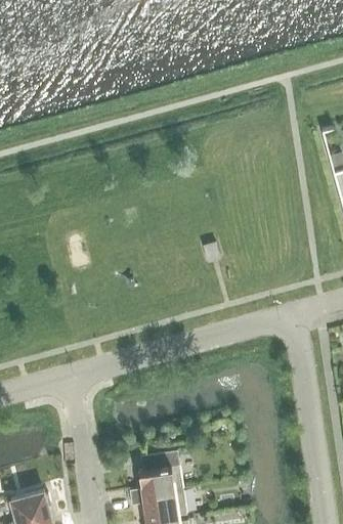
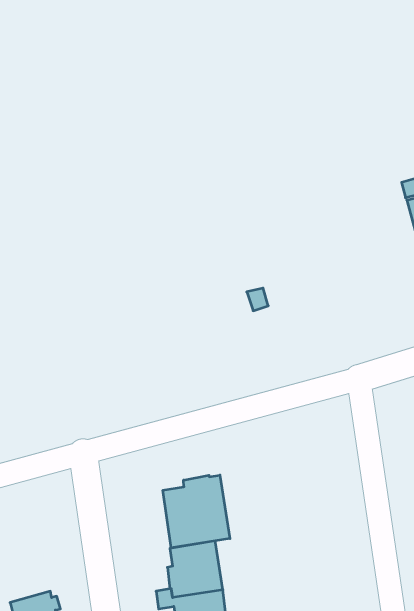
building: none -> [163,475,230,548]

